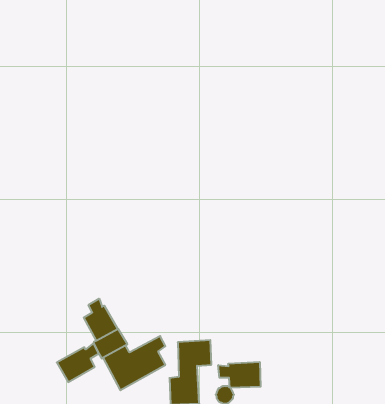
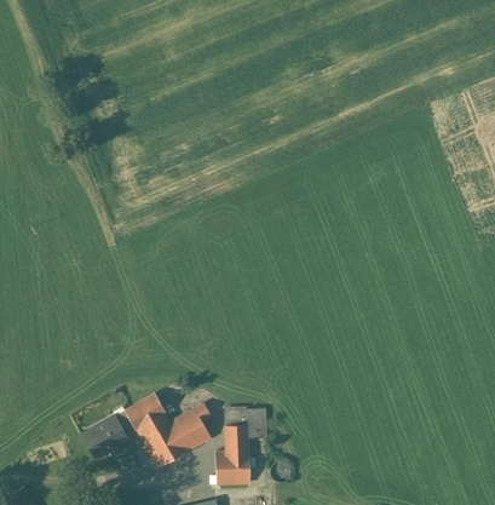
building: [84,299,118,341] -> none
building: [218,362,261,388] -> none

